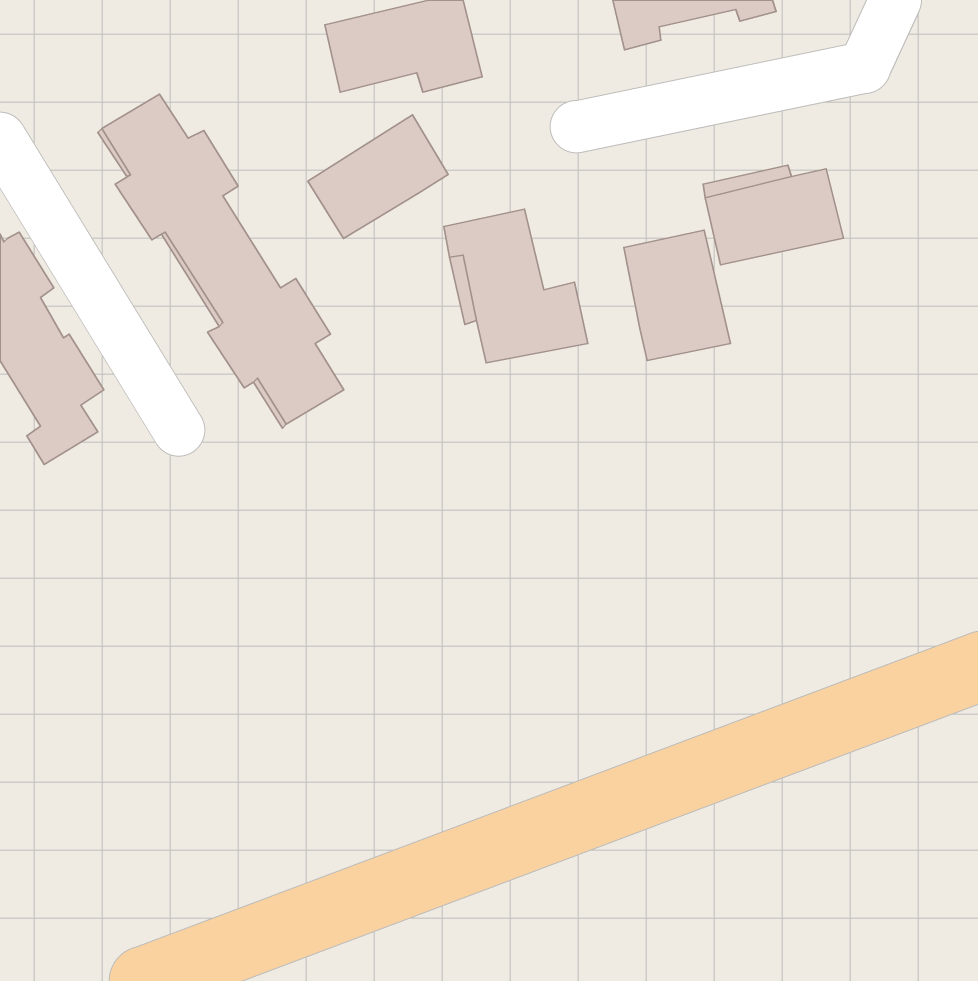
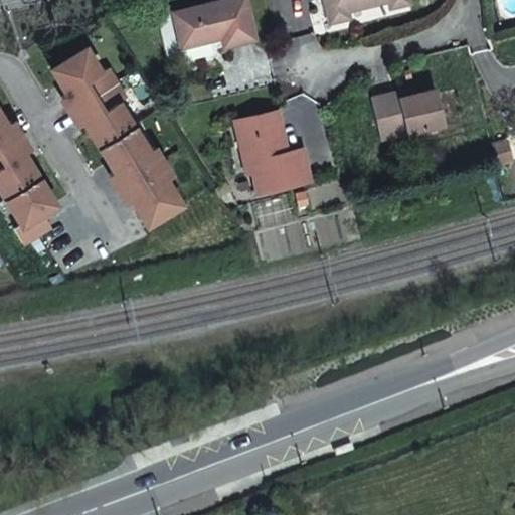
building: [308,115,448,238] -> none
building: [624,230,730,360] -> none

